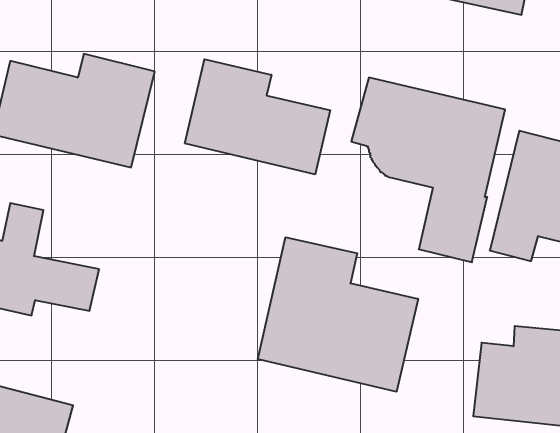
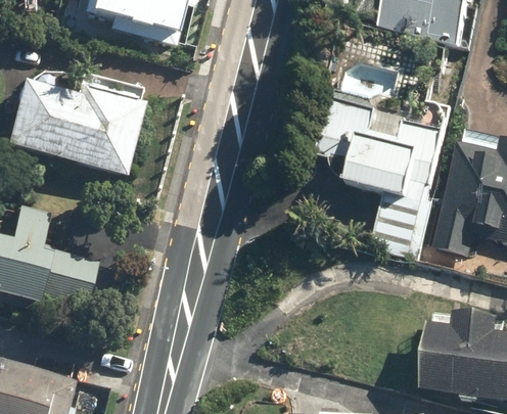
building: [185,59,330,174] -> none
building: [258,237,418,392] -> none

